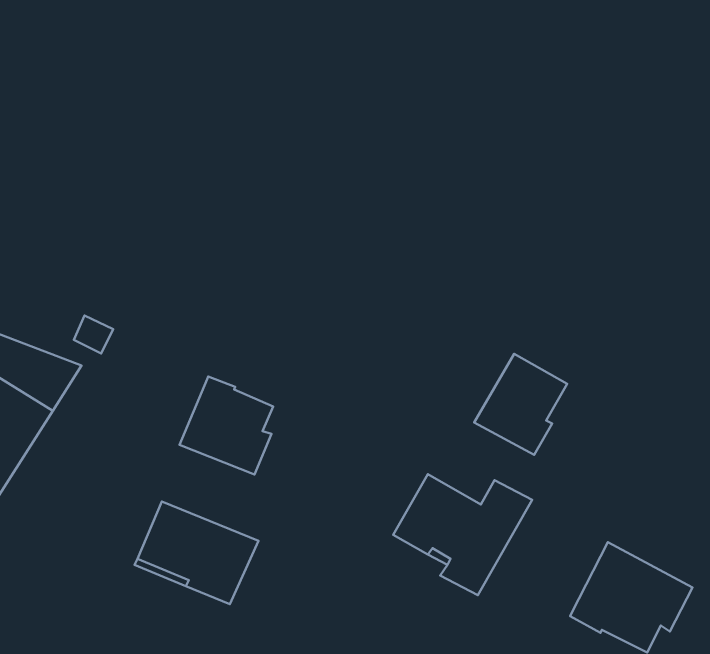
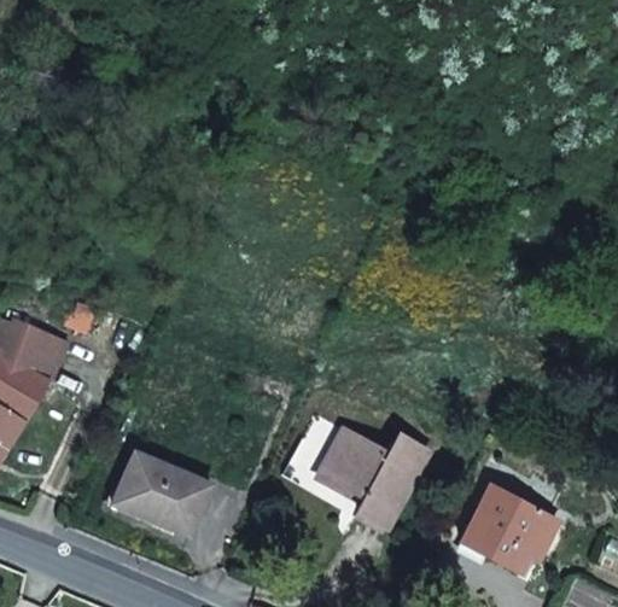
building: [474,354,567,455] -> none
building: [180,376,273,474] -> none

